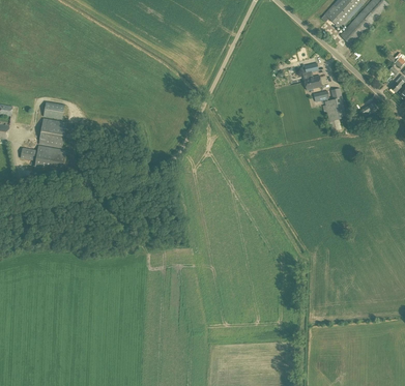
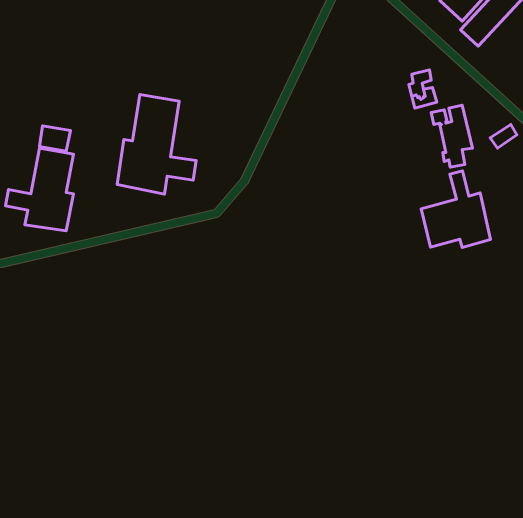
building: none -> [117,94,196,194]
building: none -> [421,171,490,247]

